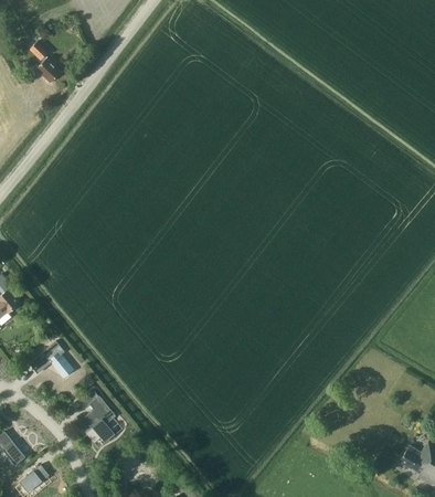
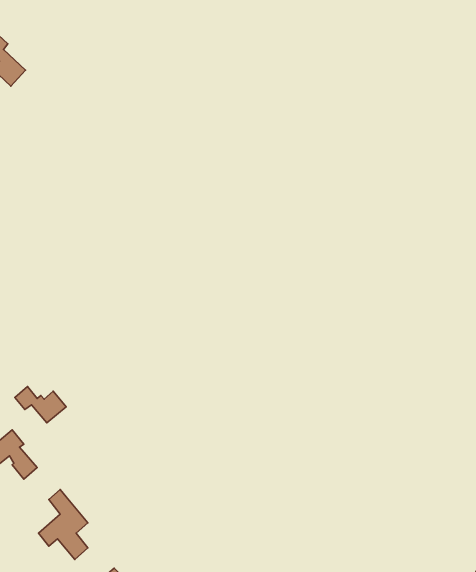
building: none -> [15,386,66,423]

